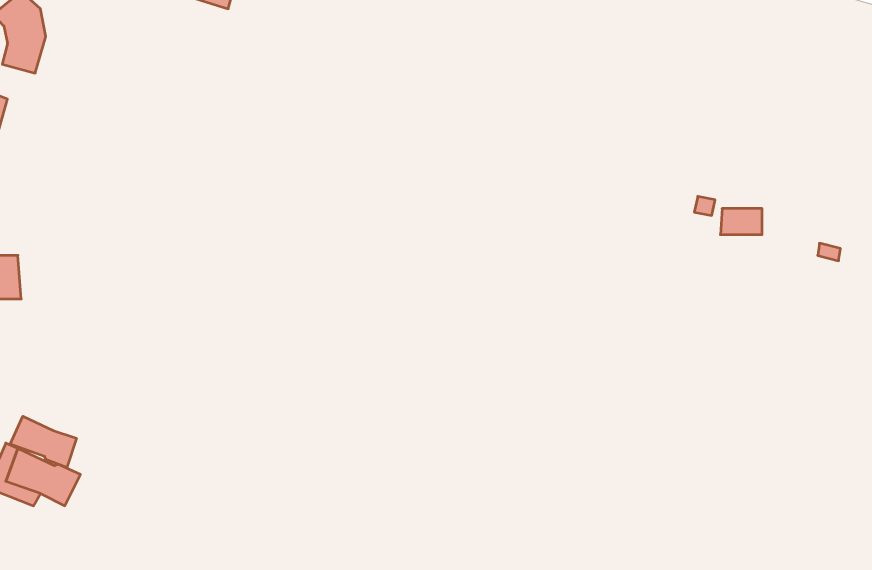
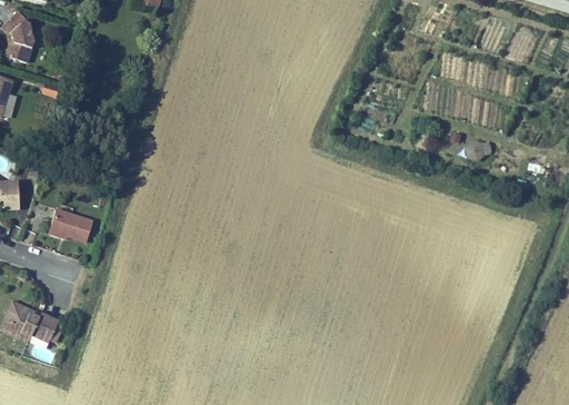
building: none -> [49,208,92,241]
building: [10,416,76,467] -> none

